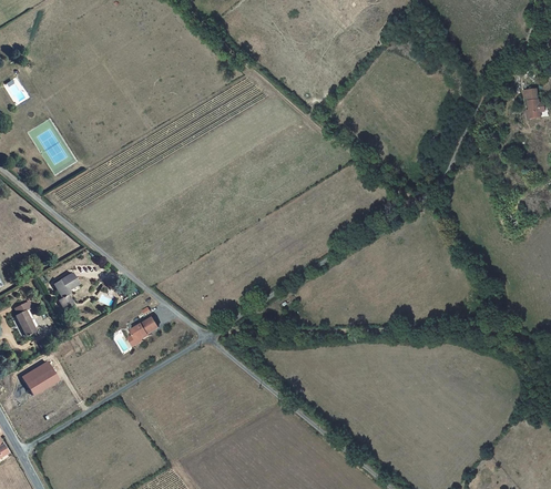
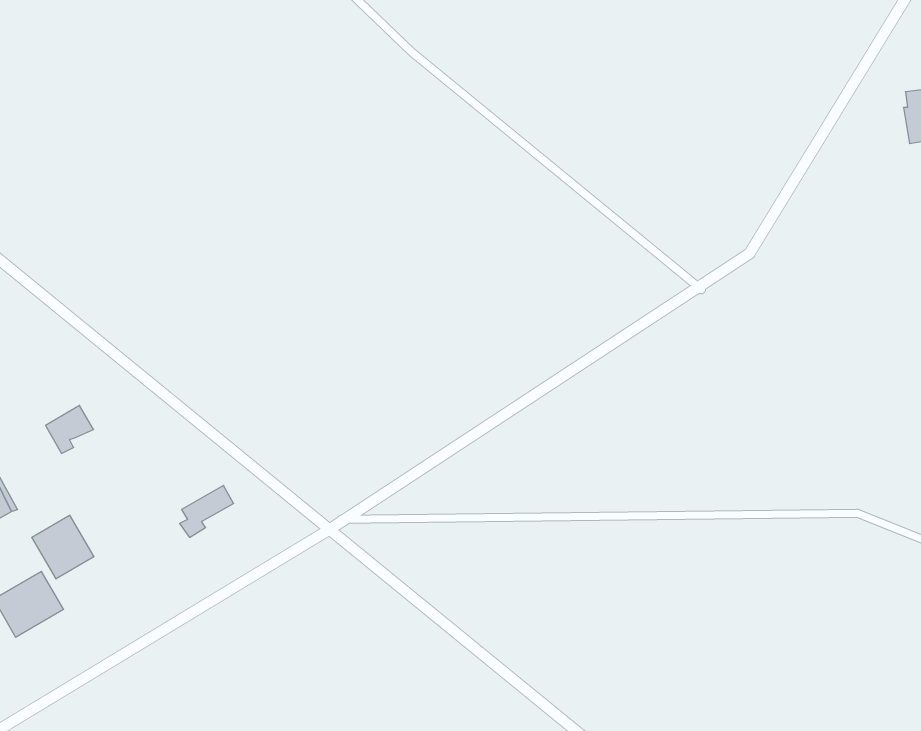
building: none -> [32,515,94,579]

